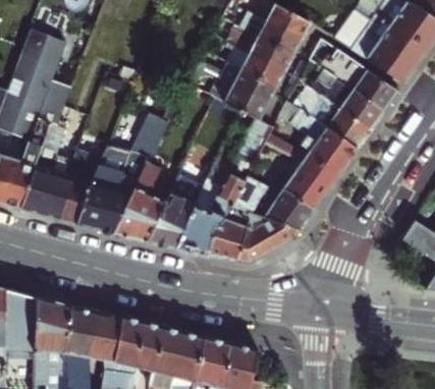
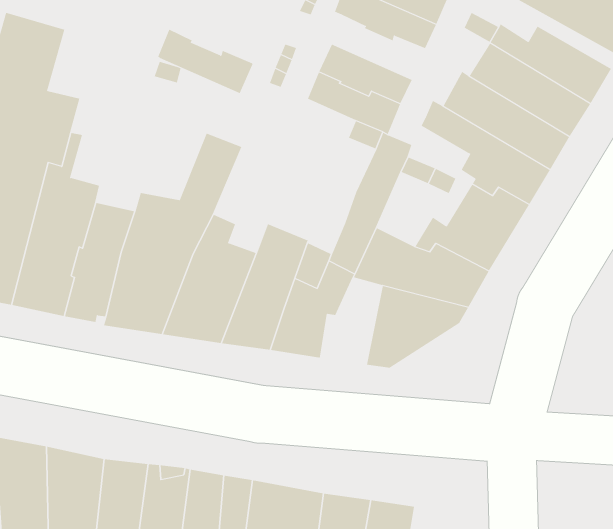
building: [227,45,285,88] -> [157,29,253,94]
building: [208,206,249,260] -> none

